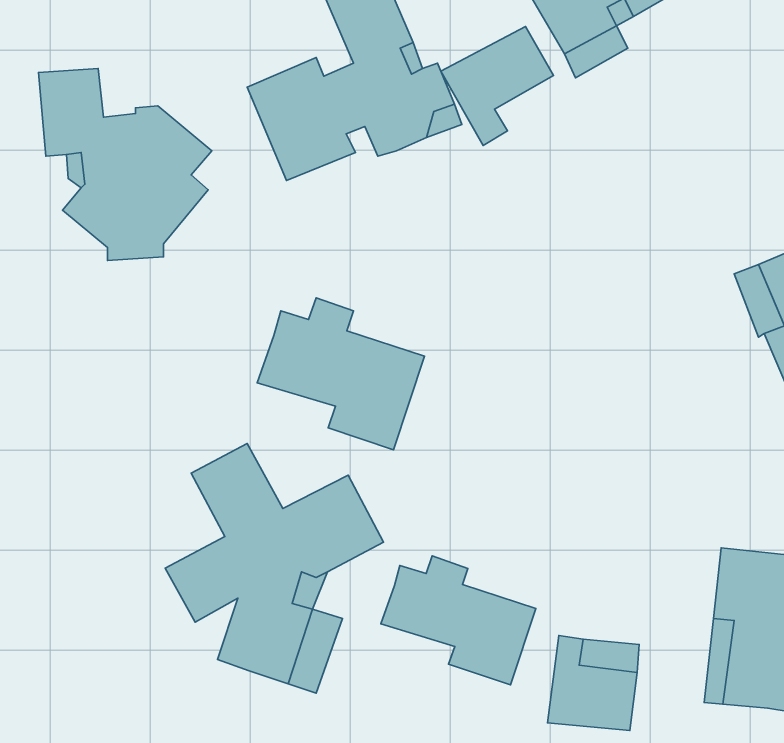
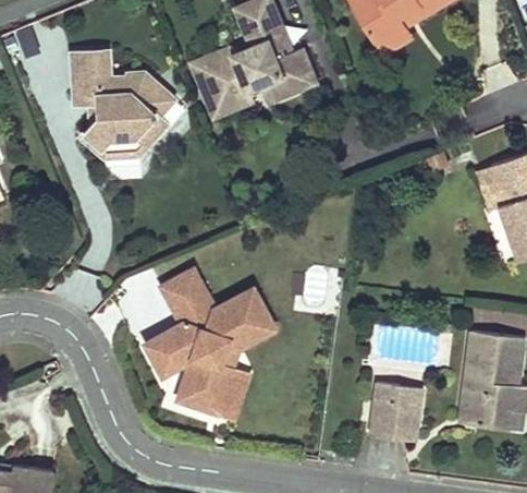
building: [441,27,553,146] -> none
building: [257,298,424,450] -> none
building: [381,556,536,685] -> none

